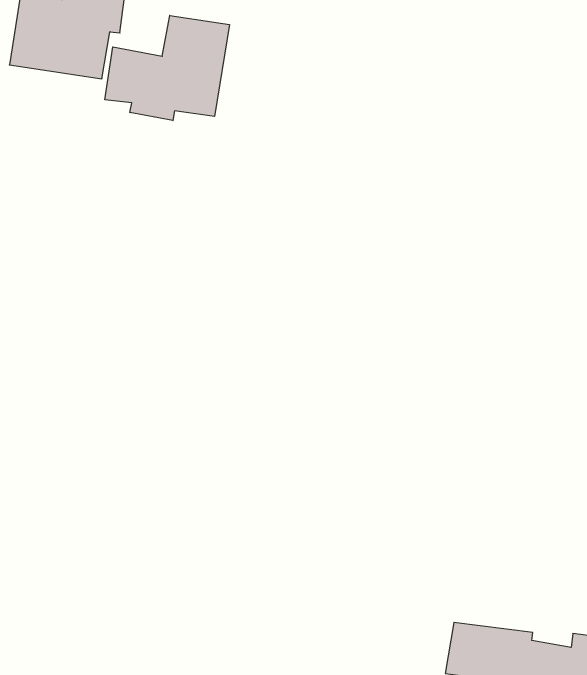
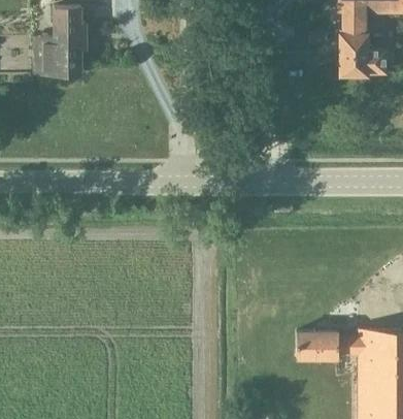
building: [105,15,229,121] -> none

